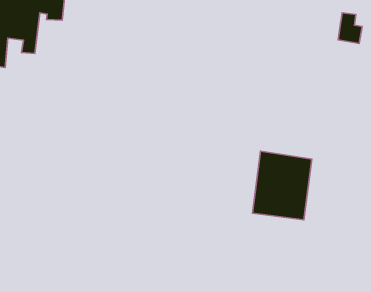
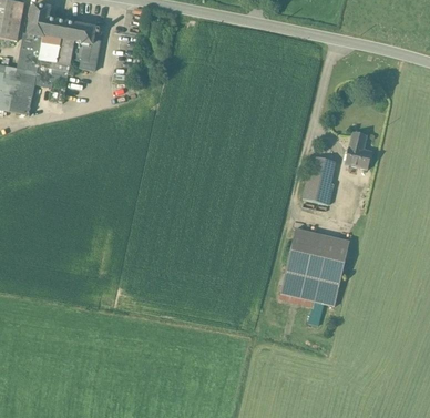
building: [338,13,362,43] -> [345,134,371,169]
building: none -> [303,155,334,204]

